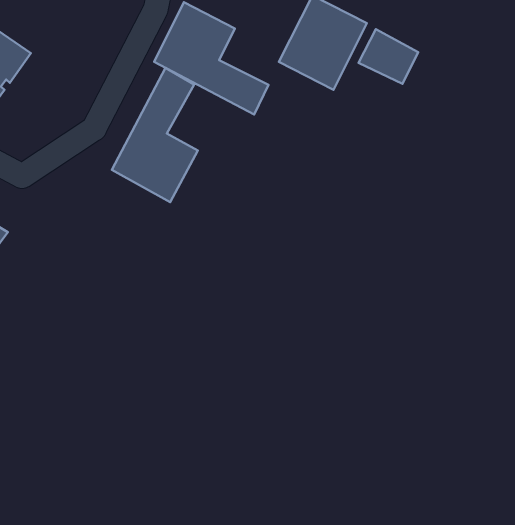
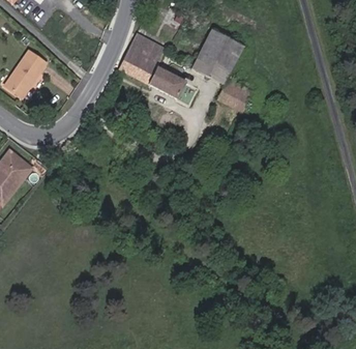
building: [358,29,418,84] -> [217,80,253,112]
building: [112,68,198,202] -> none

